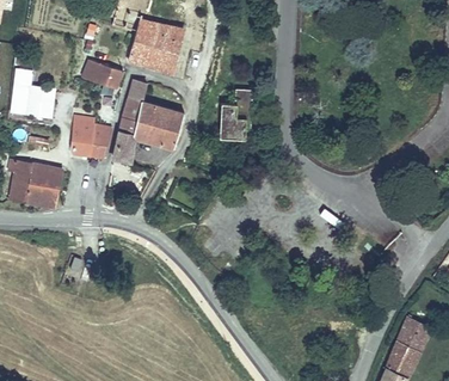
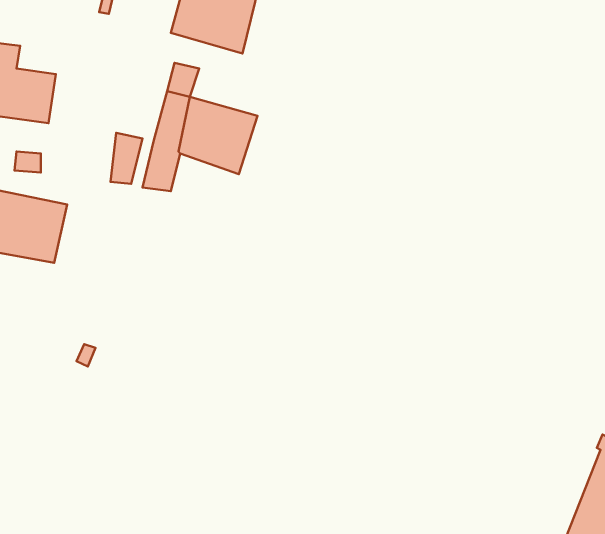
building: [82,60,125,87] -> none
building: [220,90,253,140] -> none
building: [74,118,96,155] -> none

